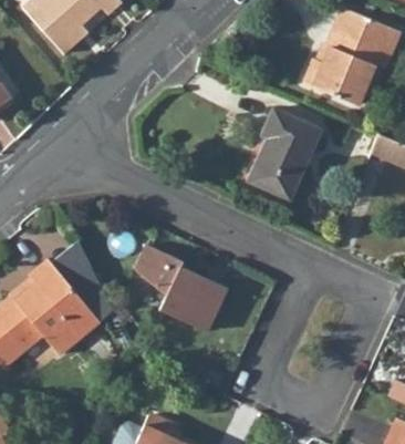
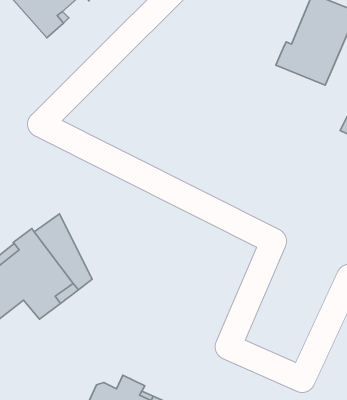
building: [251,111,322,199] -> none
building: [133,244,222,329] -> none

